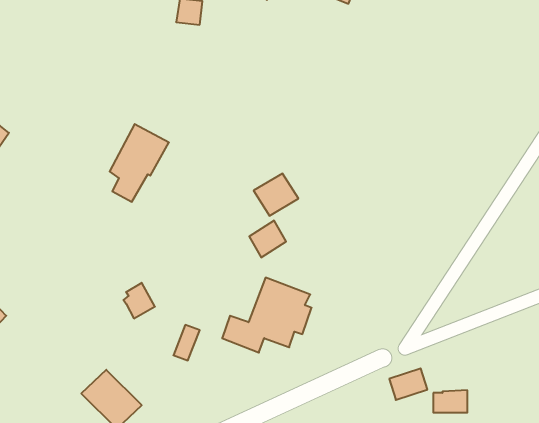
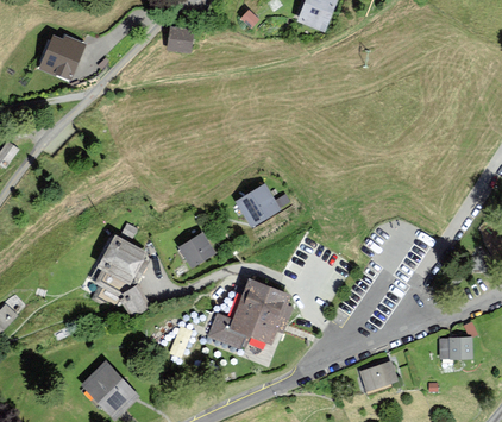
building: none -> [39,36,83,78]
building: [110,124,169,202] -> [92,235,145,306]
building: [249,221,286,257] -> [180,233,213,266]
building: [433,390,467,413] -> [440,336,471,357]

